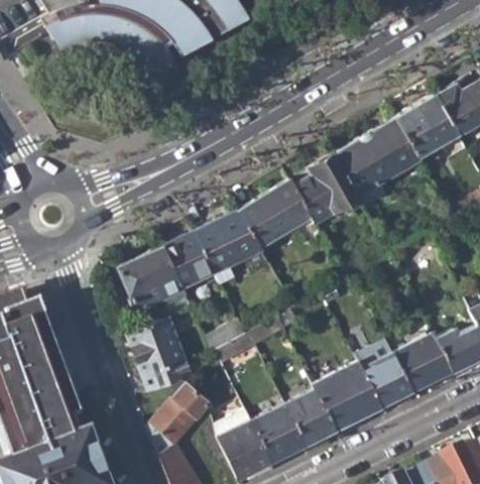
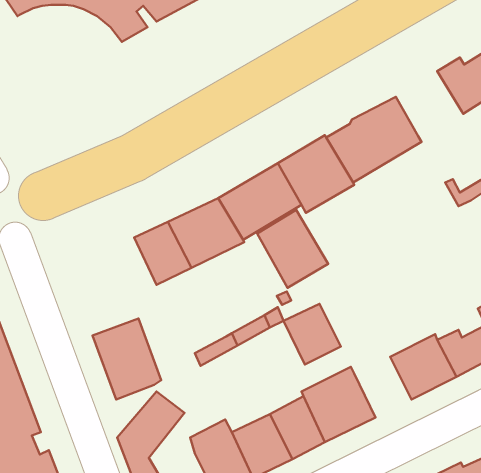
building: [398,97,459,155] -> none
building: none -> [257,210,328,288]
building: [120,246,186,312] -> none
building: [362,353,413,407] -> [283,304,341,365]

